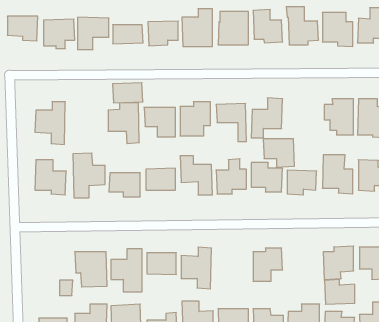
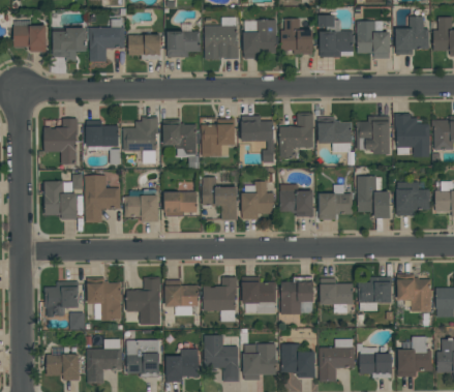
building: [113,83,143,103] -> [86,125,119,147]
building: [263,139,294,167] -> [317,122,352,153]
building: none -> [44,281,80,308]
building: none -> [243,281,276,314]
building: [324,280,355,304] -> [320,278,353,305]

